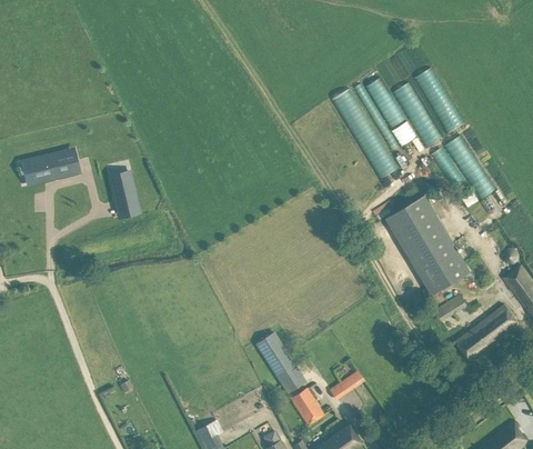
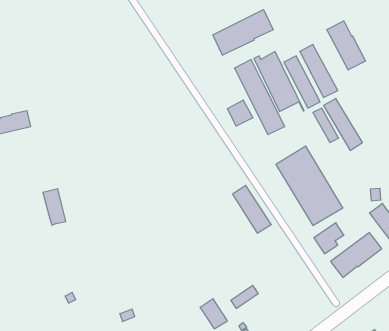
building: none -> [213,10,273,55]
building: none -> [327,21,365,70]
building: none -> [227,100,253,126]
building: [109,171,138,217] -> [43,189,66,225]
building: [255,332,304,392] -> [233,185,271,233]

